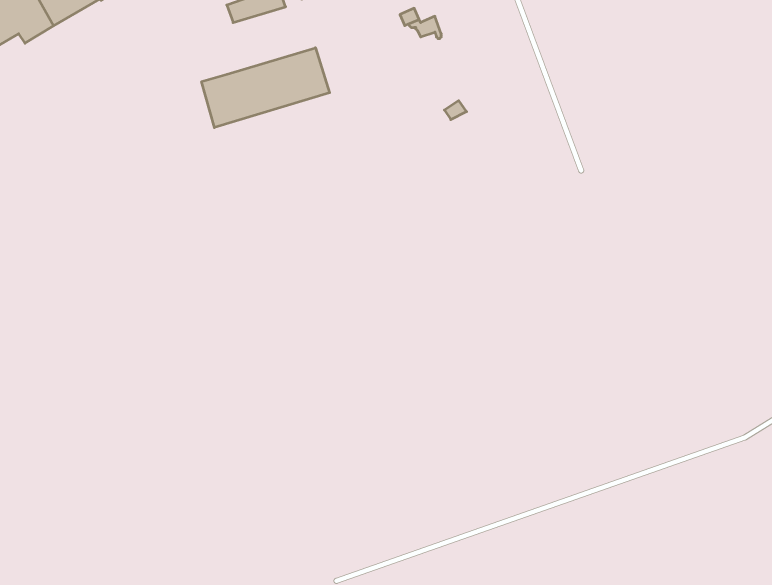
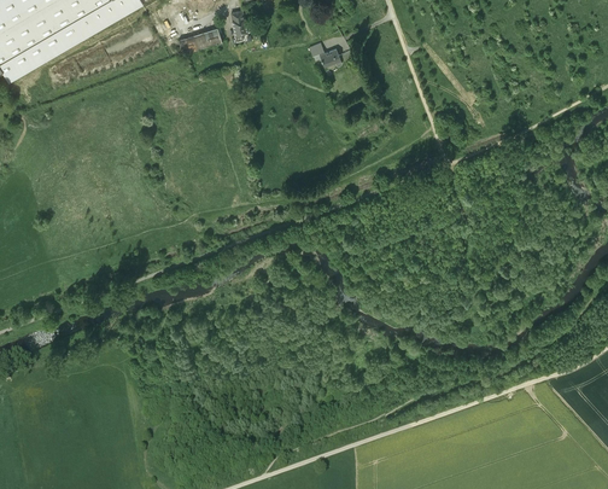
building: [202,48,330,128] -> none

